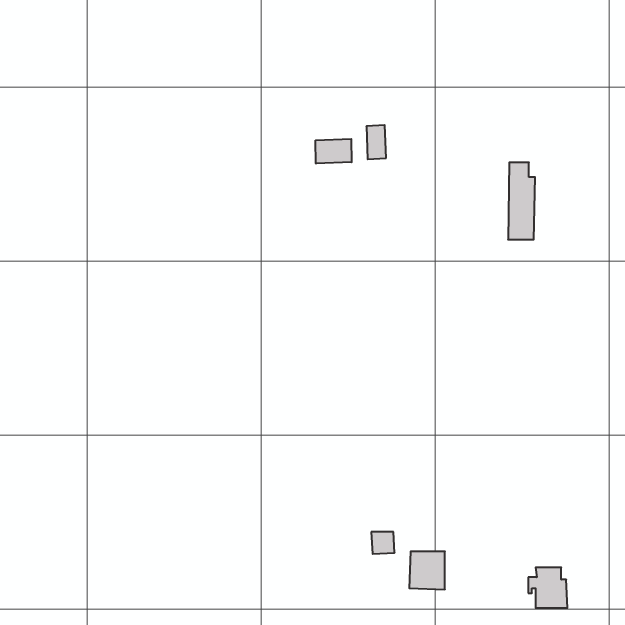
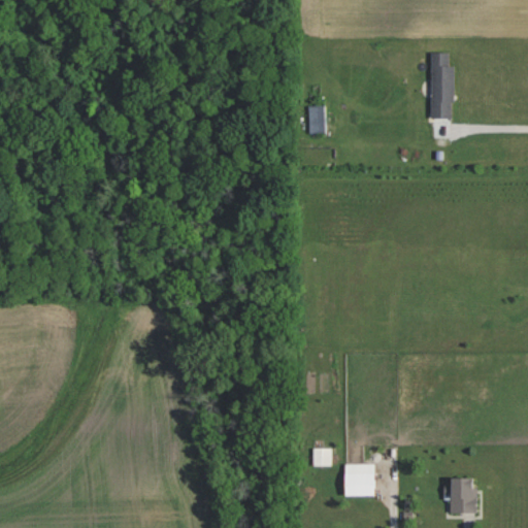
building: [316,139,352,164] -> none
building: [508,162,535,240] -> [431,54,454,119]

